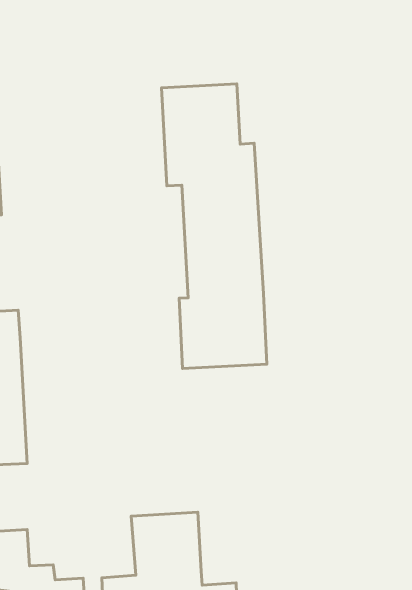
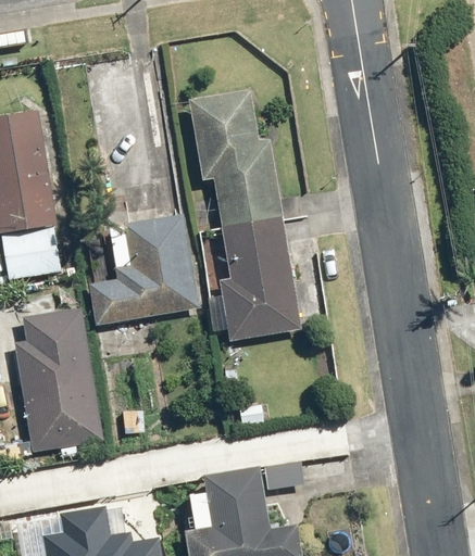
building: none -> [88,216,198,326]

